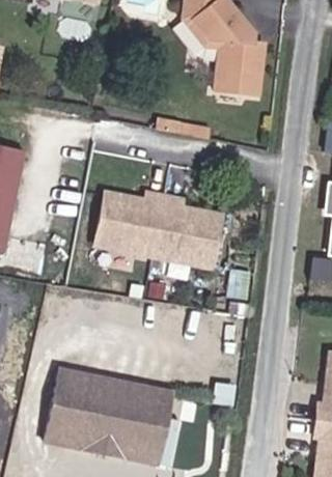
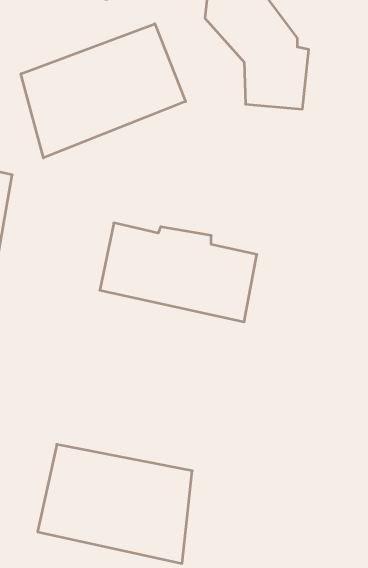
building: none -> [21,24,186,158]

